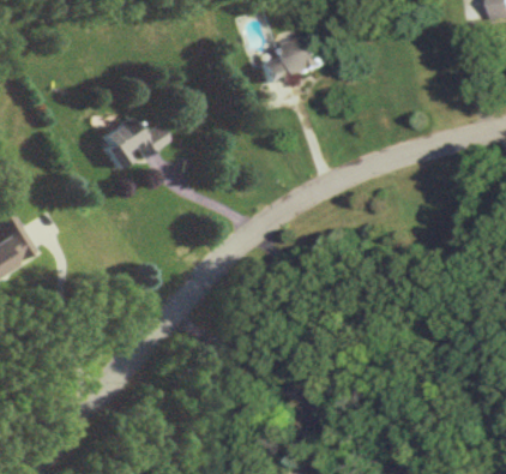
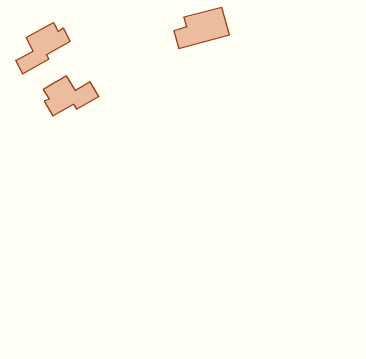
building: none -> [16,23,70,74]

